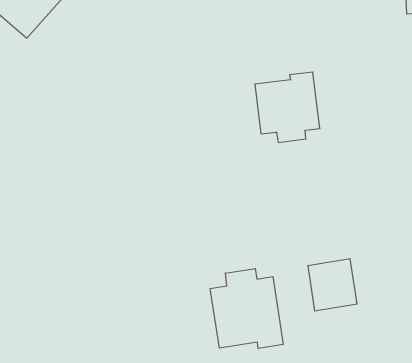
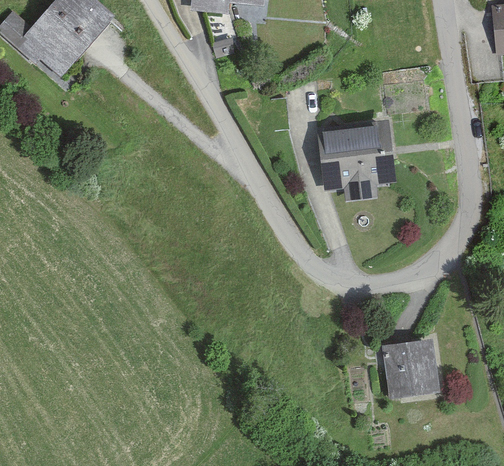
building: [210,269,283,349] -> none

